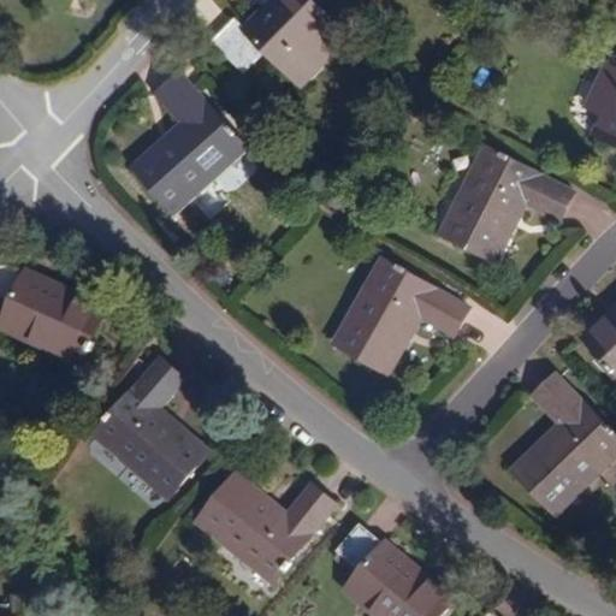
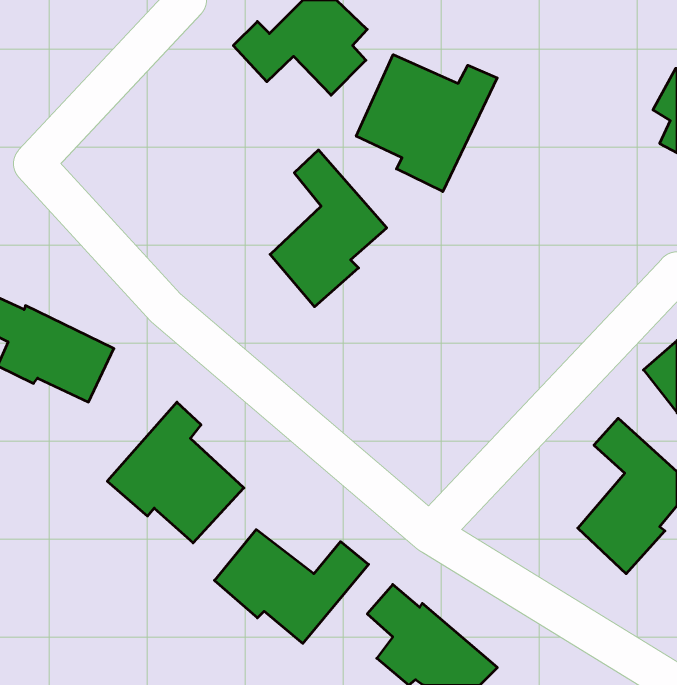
building: none -> [356,55,497,192]
building: [135,72,239,213] -> [270,150,387,307]
building: [442,140,578,263] -> none
building: [332,261,474,372] -> none

